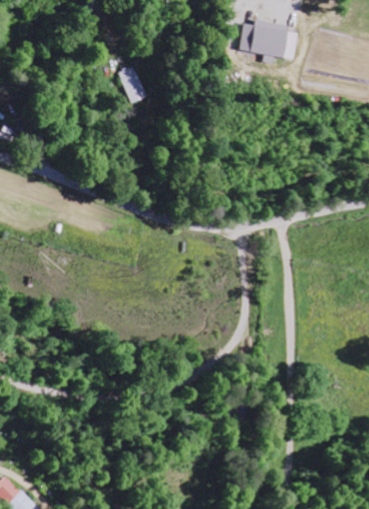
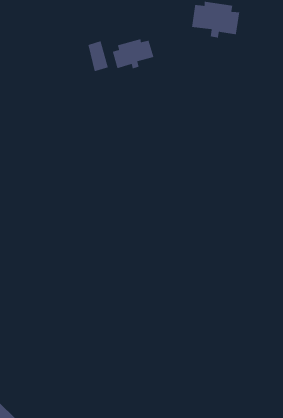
building: none -> [112,38,154,70]

